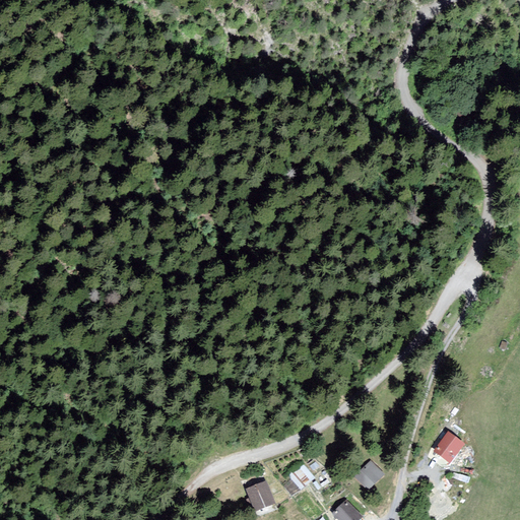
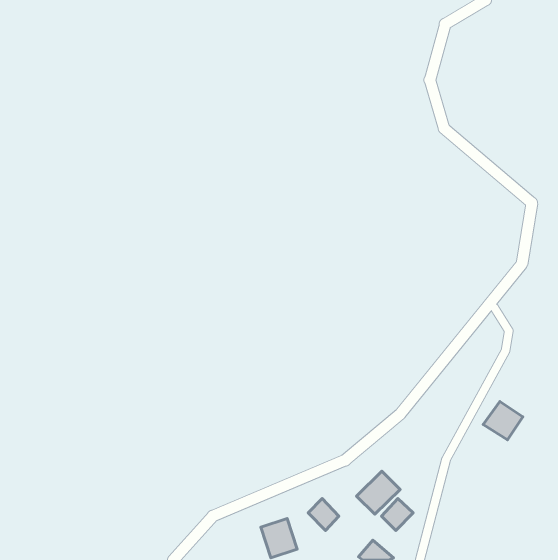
building: [432,431,468,466] -> [483,401,523,440]
building: none -> [357,471,400,514]

